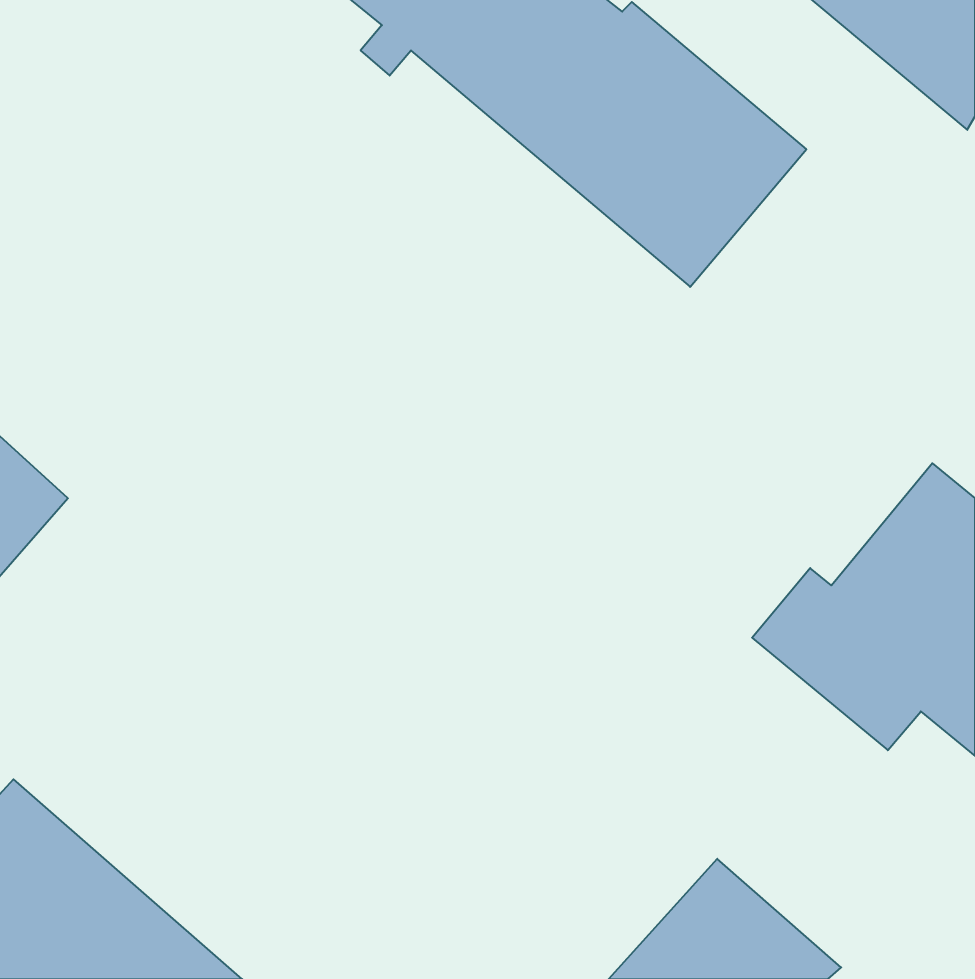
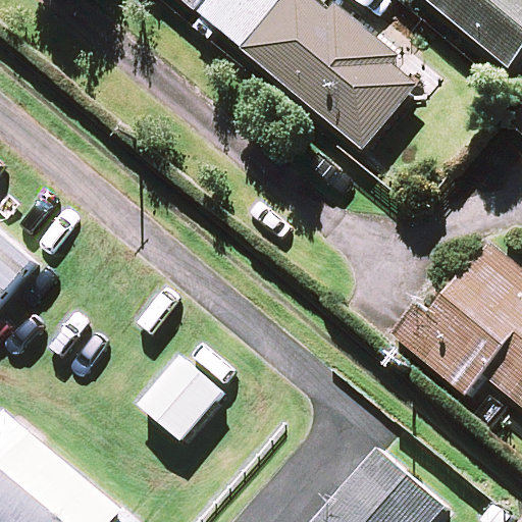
building: none -> [139,359,221,441]

